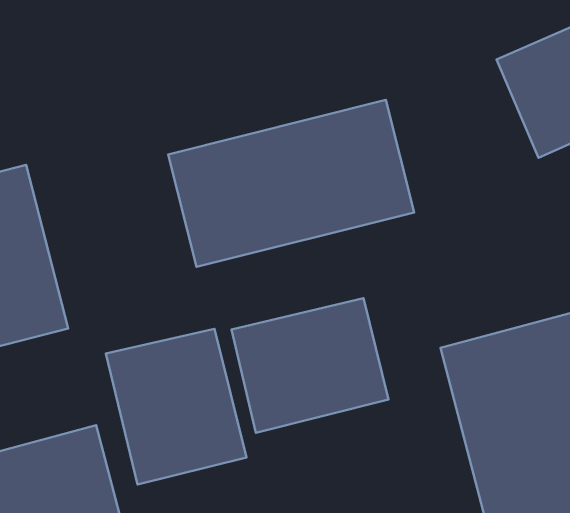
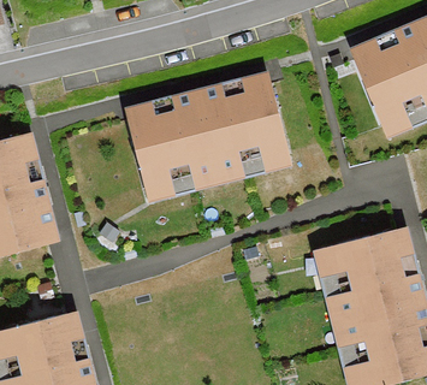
building: [231,298,389,433] -> none
building: [106,329,247,485] -> none

